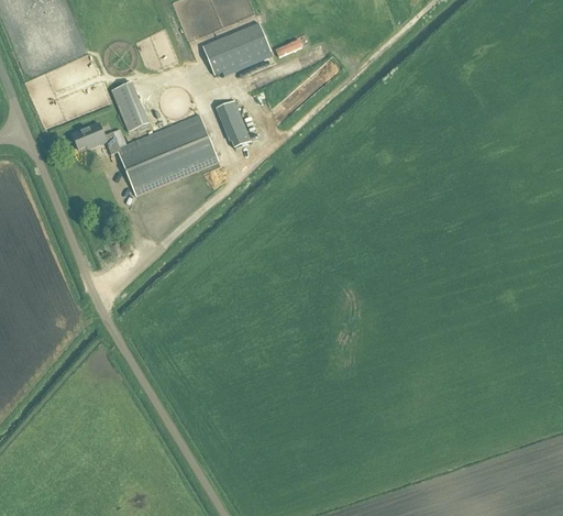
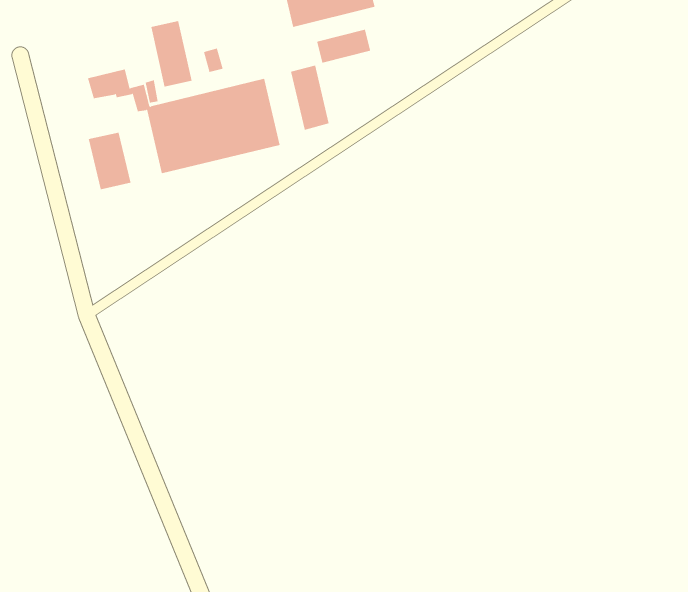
building: none -> [317,29,371,63]
building: none -> [88,132,131,190]

